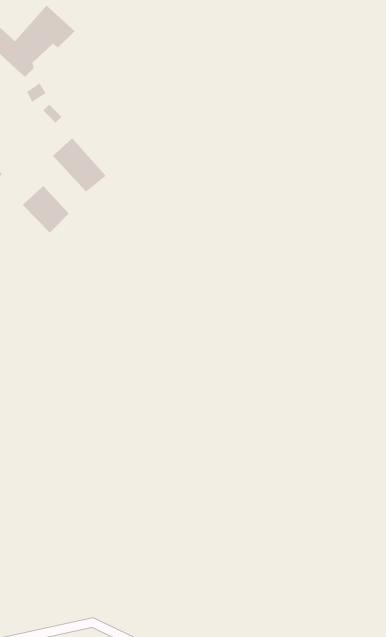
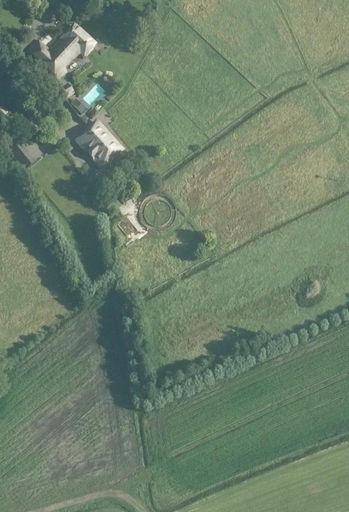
building: [21,185,71,234] -> none

